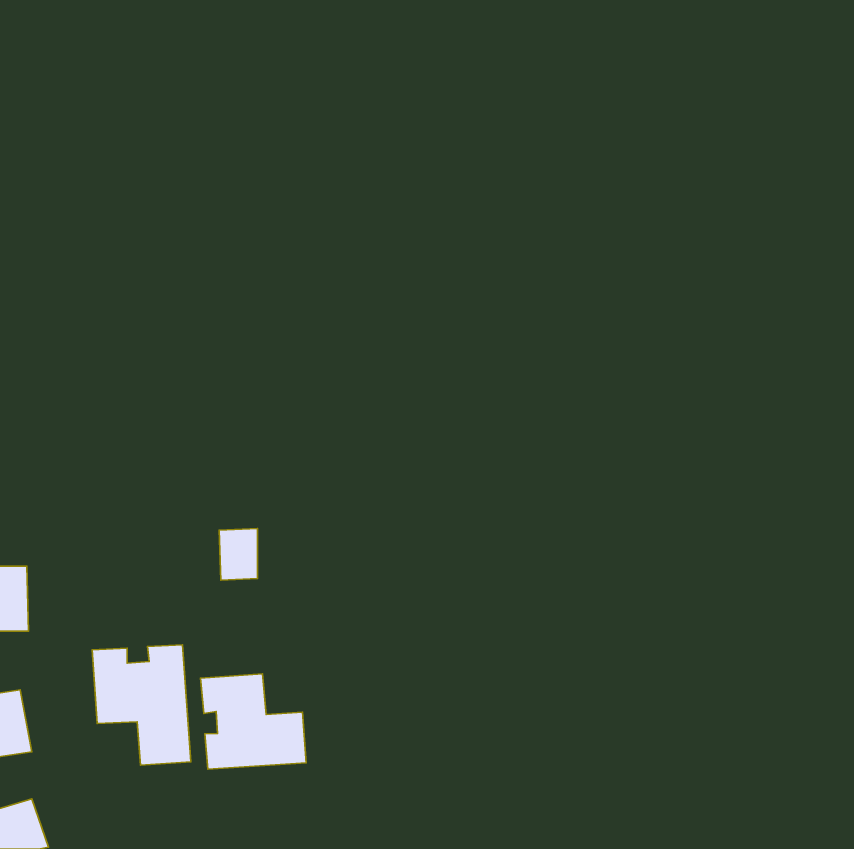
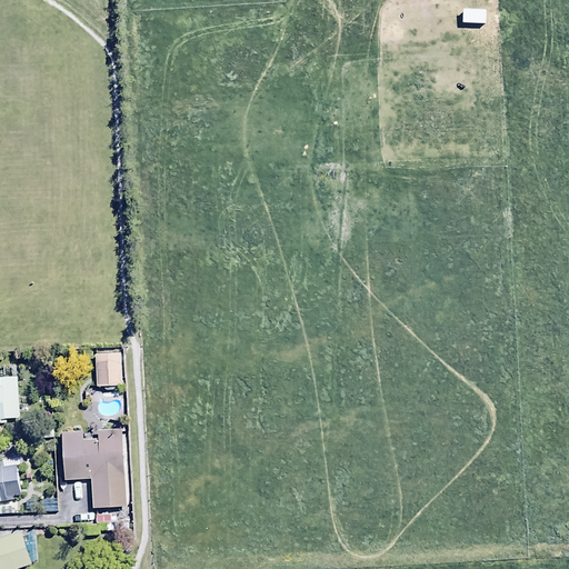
building: [219,528,258,580] -> [96,352,121,387]
building: [201,674,306,769] -> none

